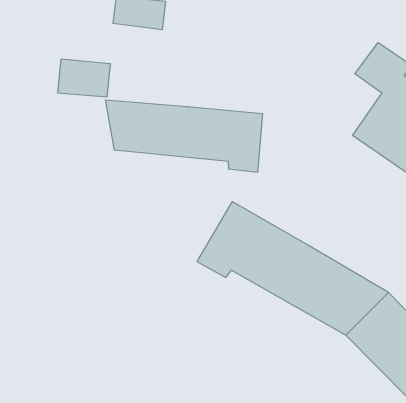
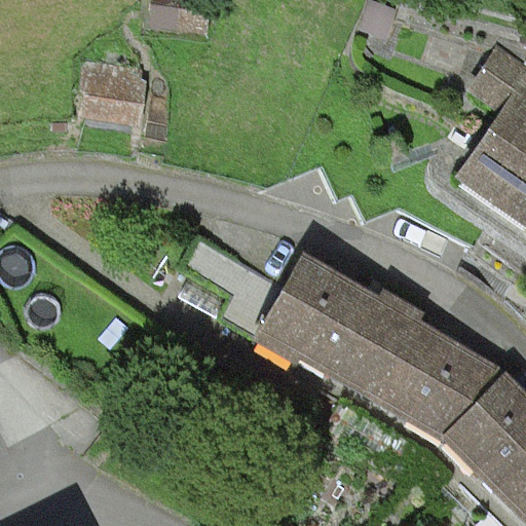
building: [105,100,263,172] -> none

